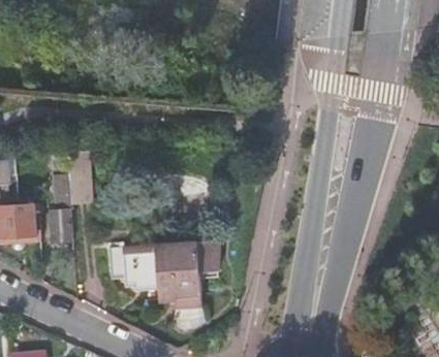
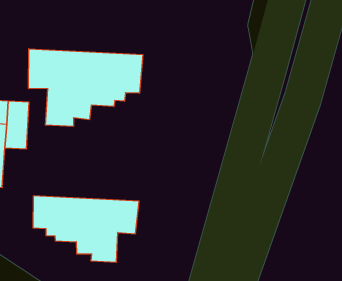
building: none -> [29,49,143,126]

